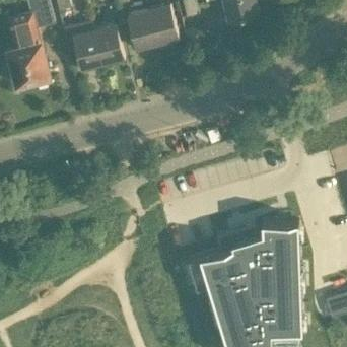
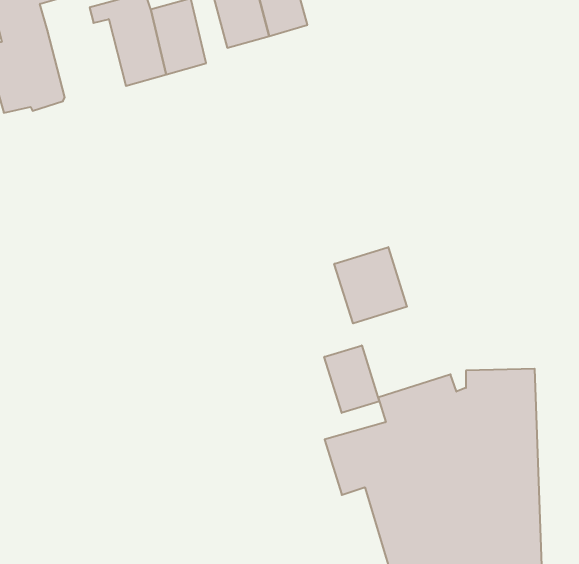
building: none -> [334,247,407,323]
building: none -> [324,345,379,413]

